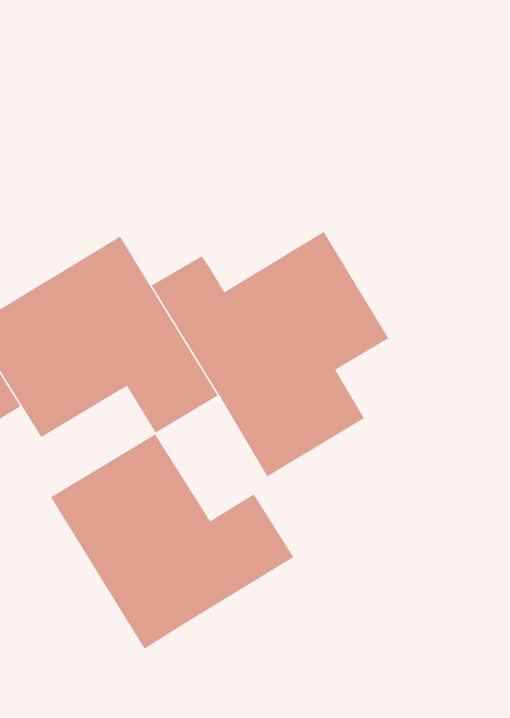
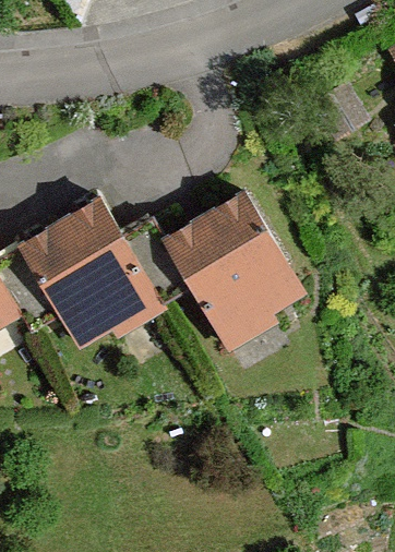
building: [50,433,294,649] -> none

